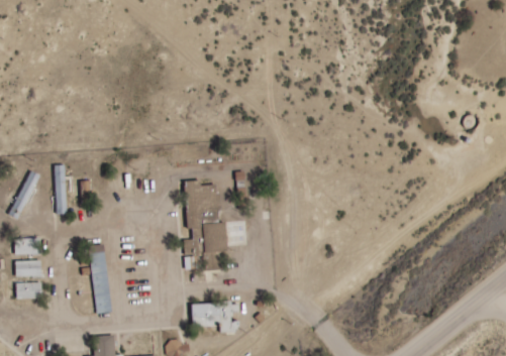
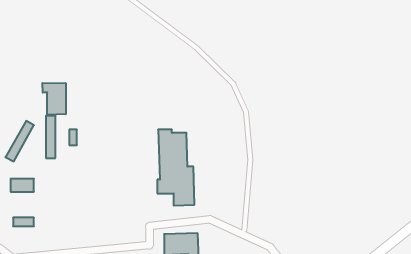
building: none -> [42,83,66,115]
building: [89,243,112,313] -> none
building: [14,260,40,275] -> none

